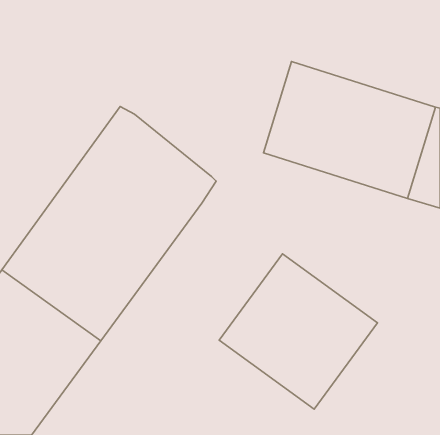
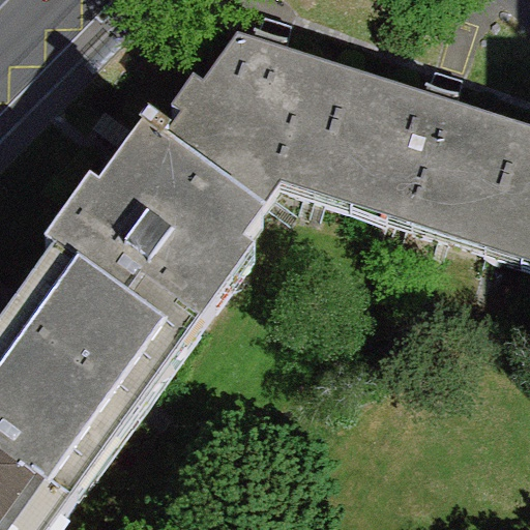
building: none -> [158,36,344,208]
building: [219,254,377,409] -> none

